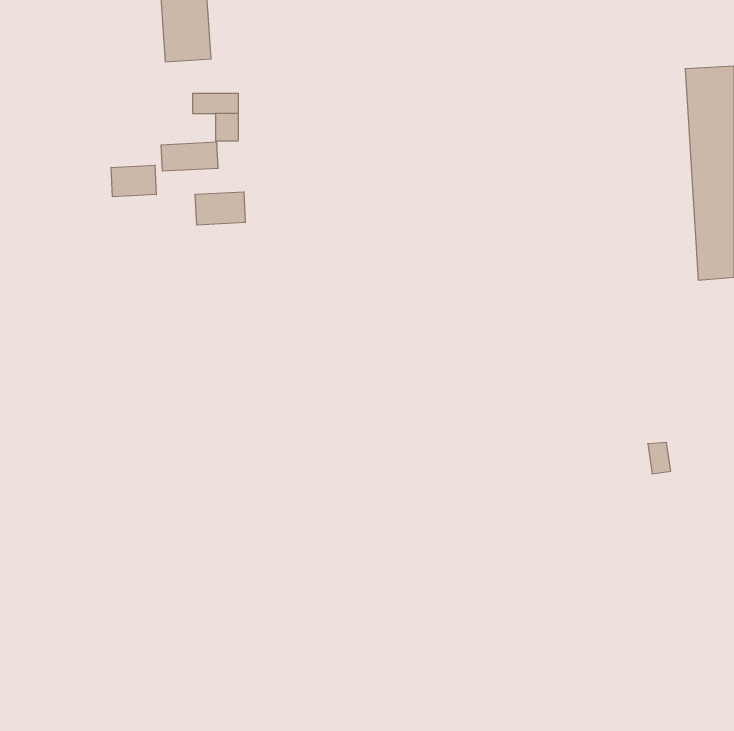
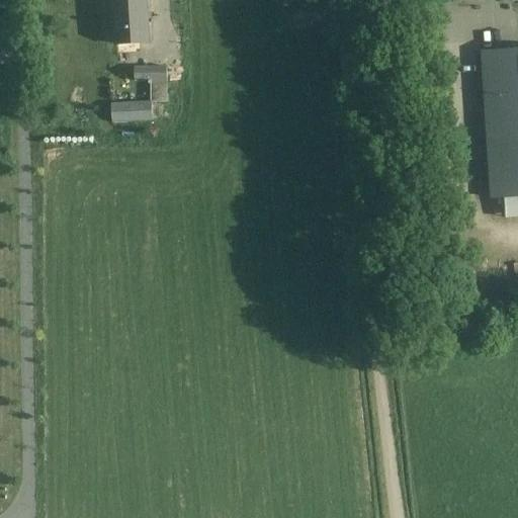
building: [111,165,156,197] -> none
building: [195,192,245,225] -> none

